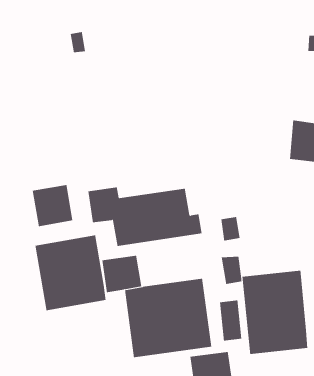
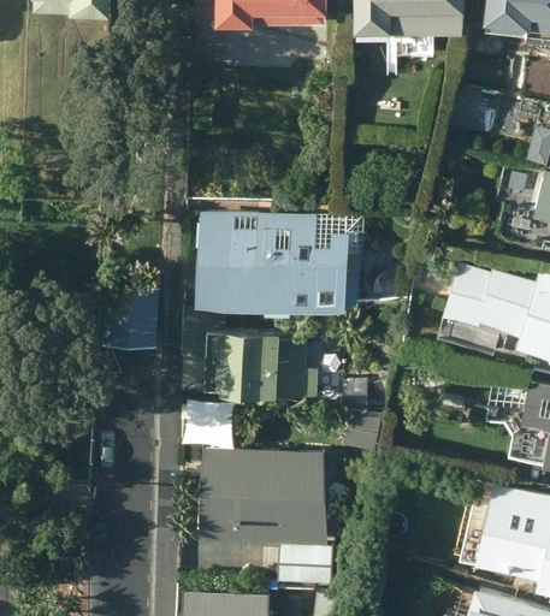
building: none -> [206,212,366,302]
building: [35,234,106,311] -> none
building: [242,270,308,355] -> none

